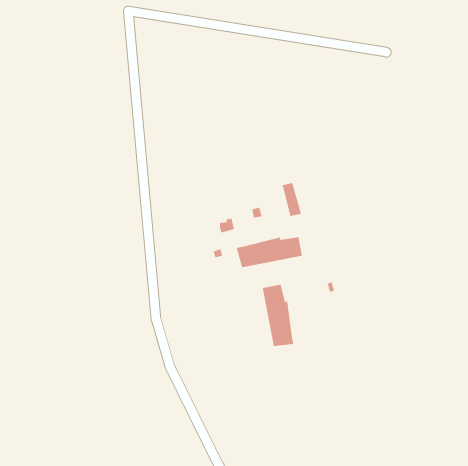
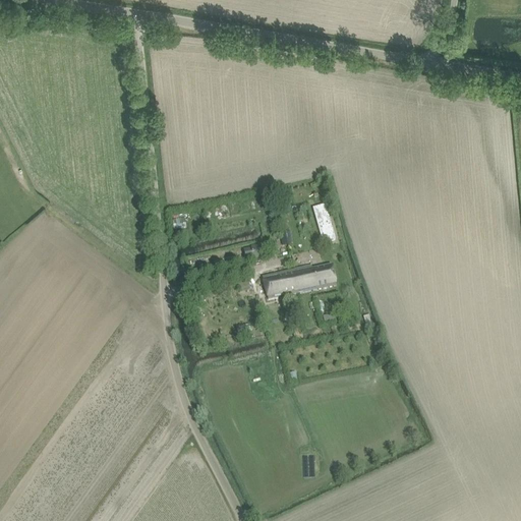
building: [262,284,294,347] -> none

